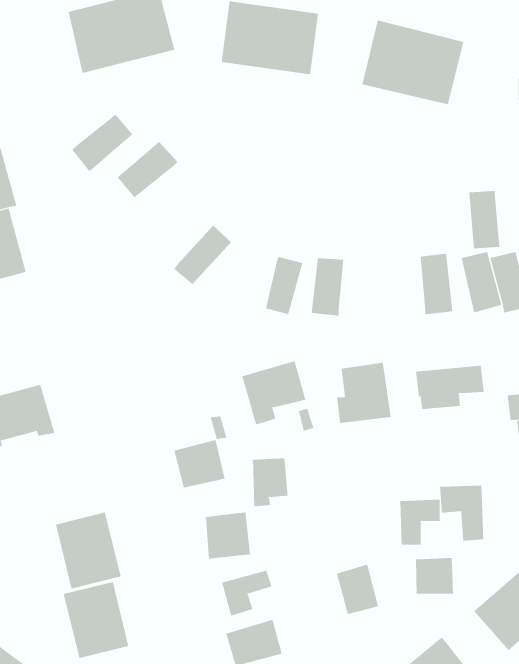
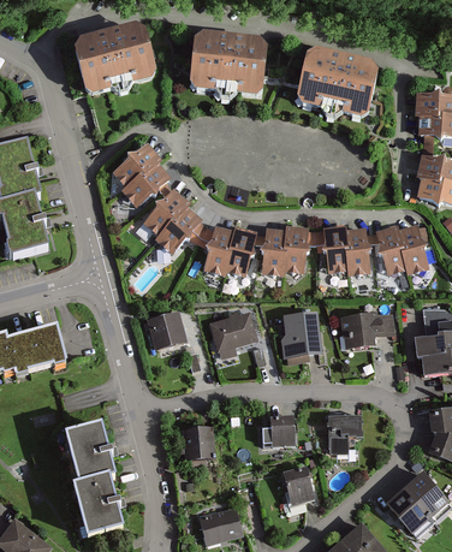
building: [72,114,133,172] -> [124,162,171,207]
building: [469,191,500,249] -> [325,228,349,273]
building: none -> [143,189,190,237]
building: none -> [284,228,308,273]
building: none -> [206,230,236,273]
building: [174,439,226,488] -> [147,311,186,349]
building: [252,458,288,507] -> [269,417,297,455]
building: [440,485,484,541] -> none
building: [415,557,453,594] -> none
building: [222,570,272,616] -> none

